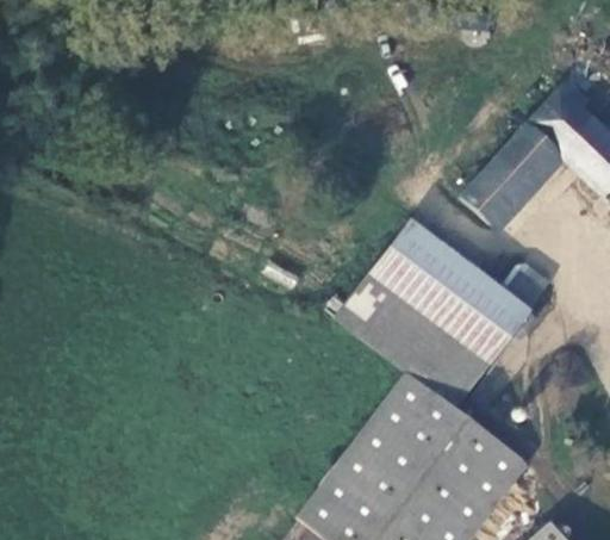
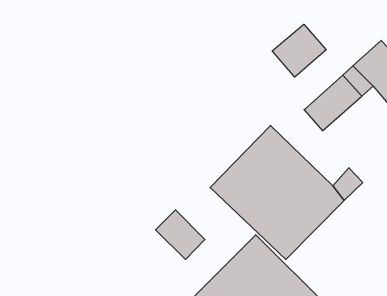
building: none -> [272,24,326,77]
building: none -> [155,210,205,259]

